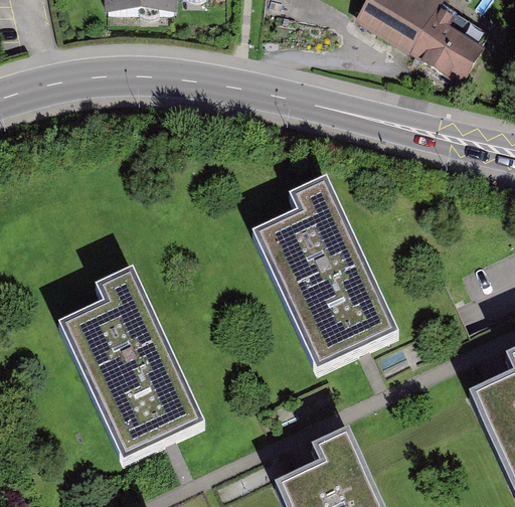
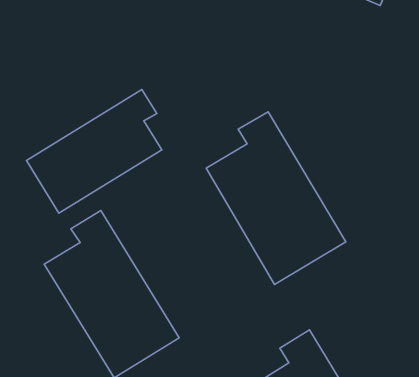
building: none -> [27,89,162,213]

